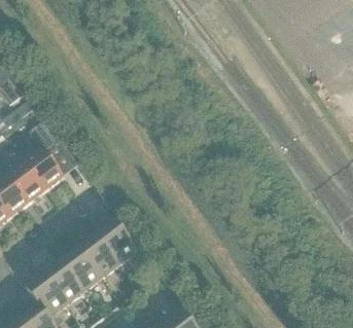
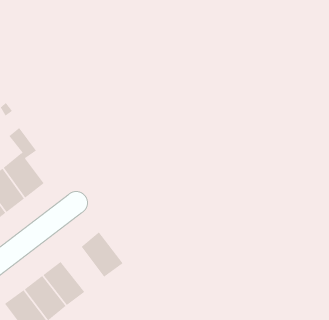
building: [79,234,119,277] -> none

